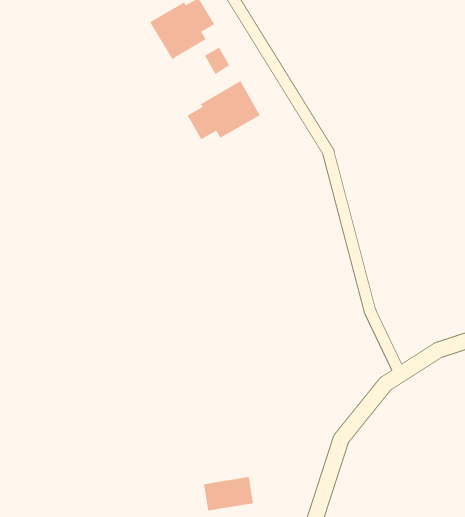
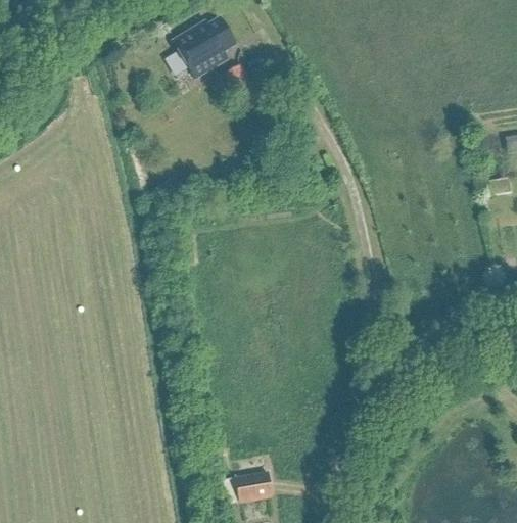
building: [187,80,260,140] -> none

